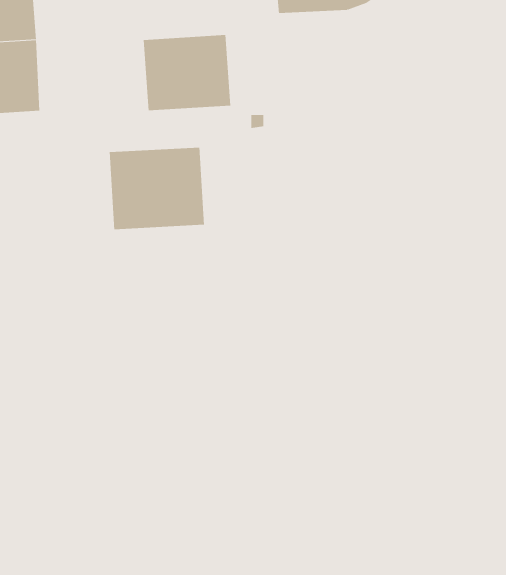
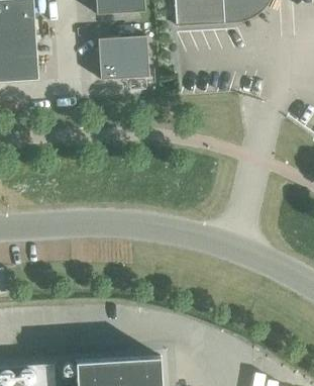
building: [109,147,205,230] -> none

